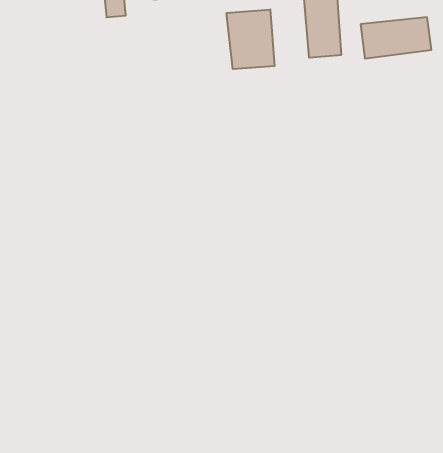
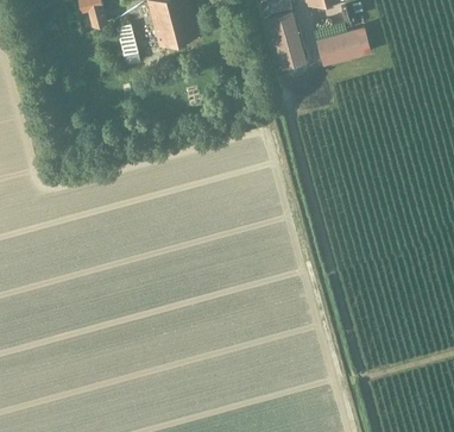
building: [227,9,274,69] -> none

